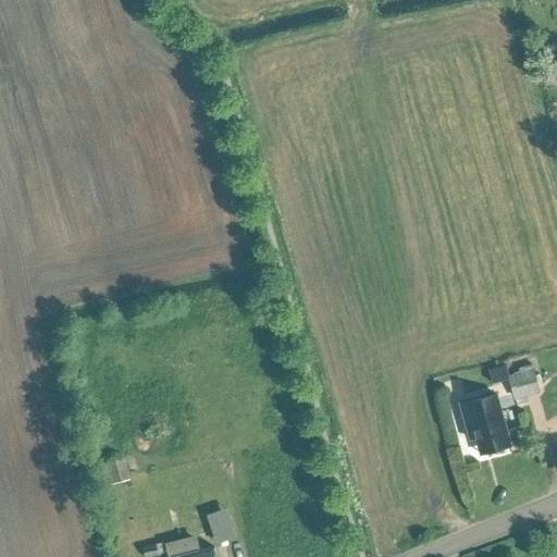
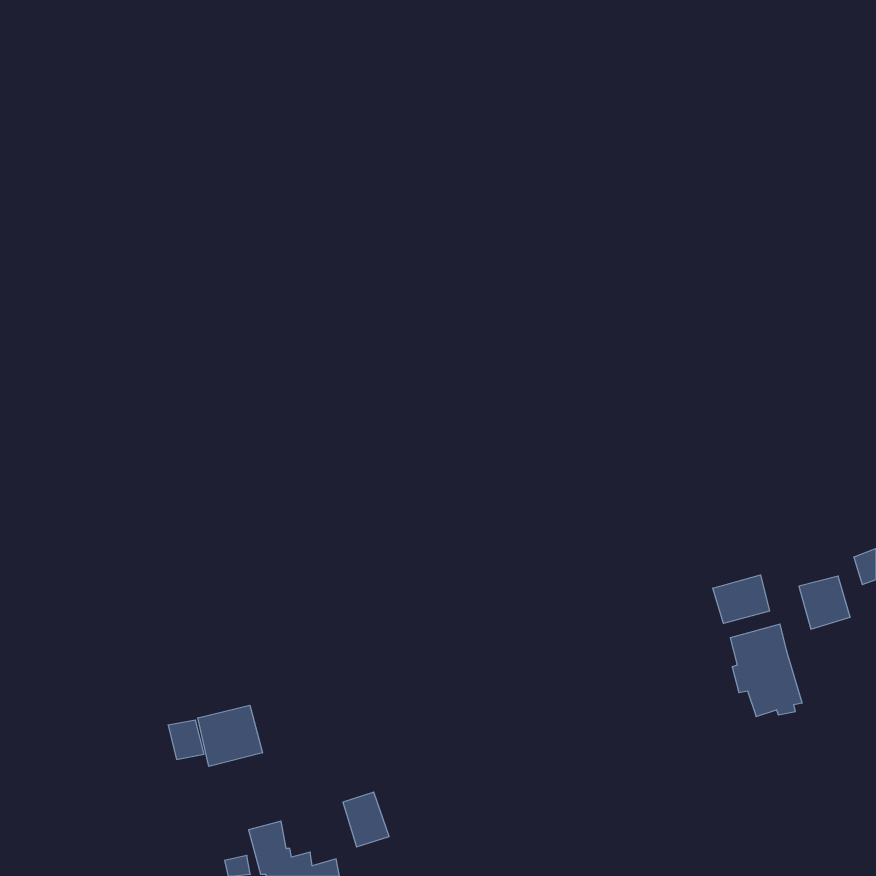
building: none -> [713,575,770,623]
building: none -> [198,705,262,766]

